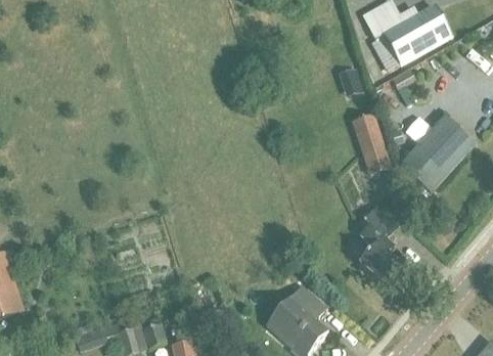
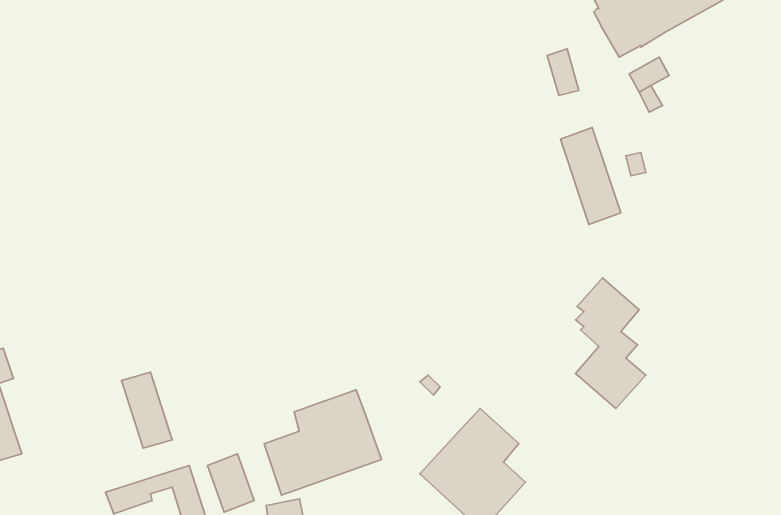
building: [401,113,478,190] -> none
building: none -> [121,372,172,448]
building: none -> [264,390,382,495]

